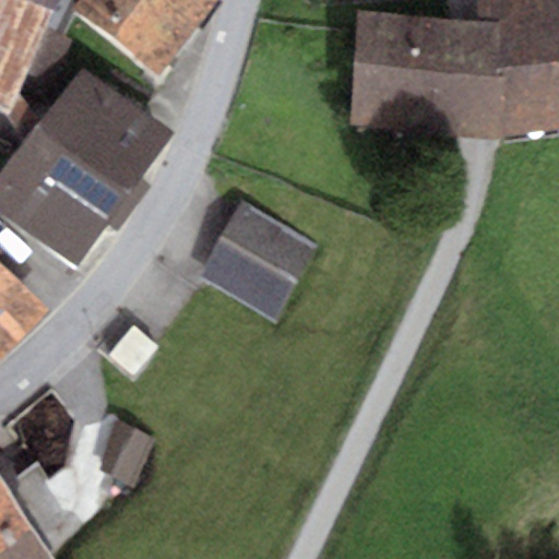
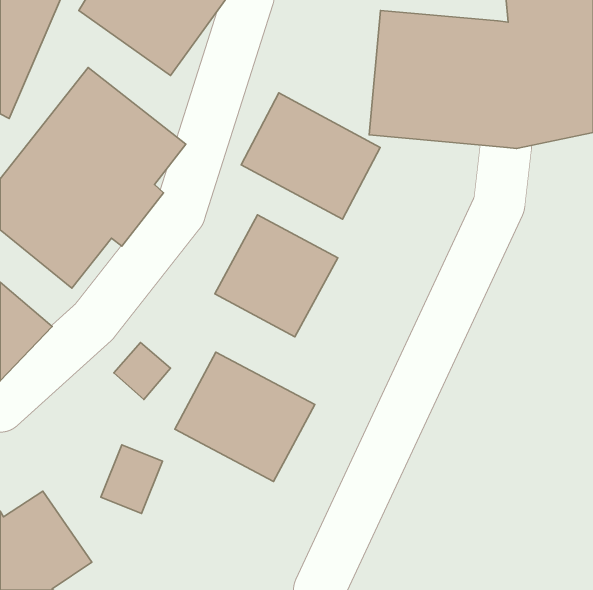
building: none -> [241,93,380,219]
building: none -> [175,352,315,482]

